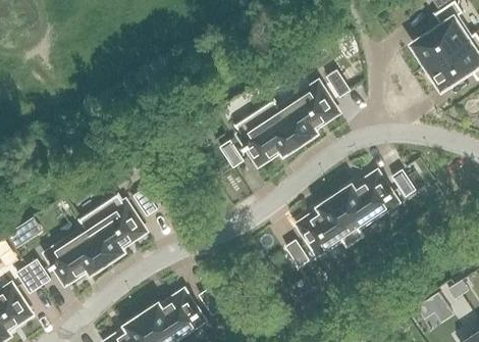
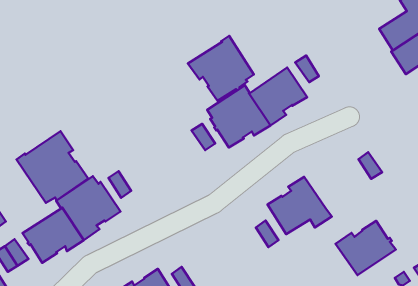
building: none -> [188,36,254,101]
building: none -> [17,131,88,203]
building: [335,173,397,229] -> [336,221,396,275]

